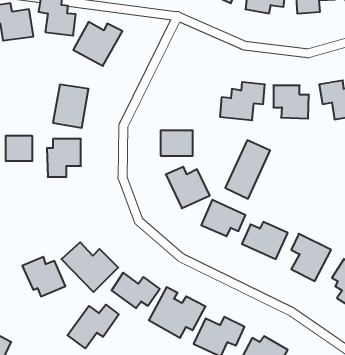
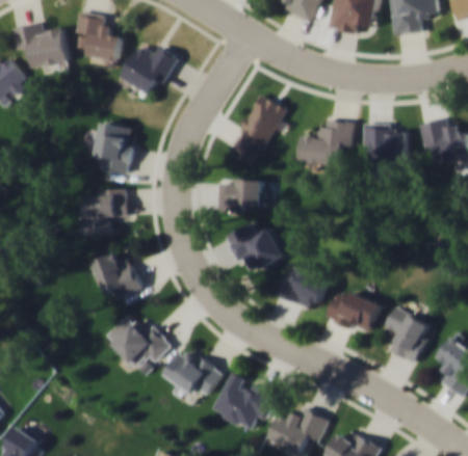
building: [6,136,32,161] -> none
building: [225,140,270,199] -> [230,92,285,164]
building: [22,257,65,296] -> [89,251,142,300]
building: [67,305,119,348] -> none

